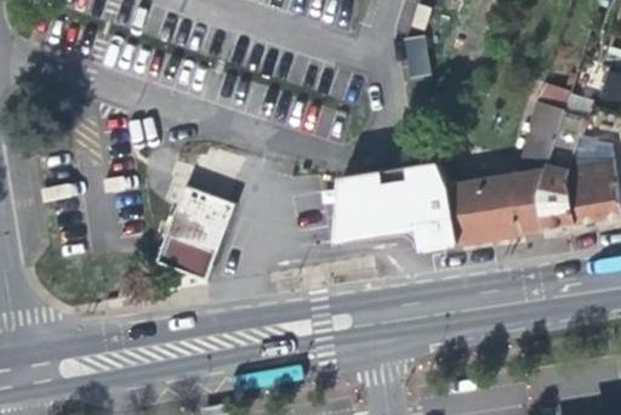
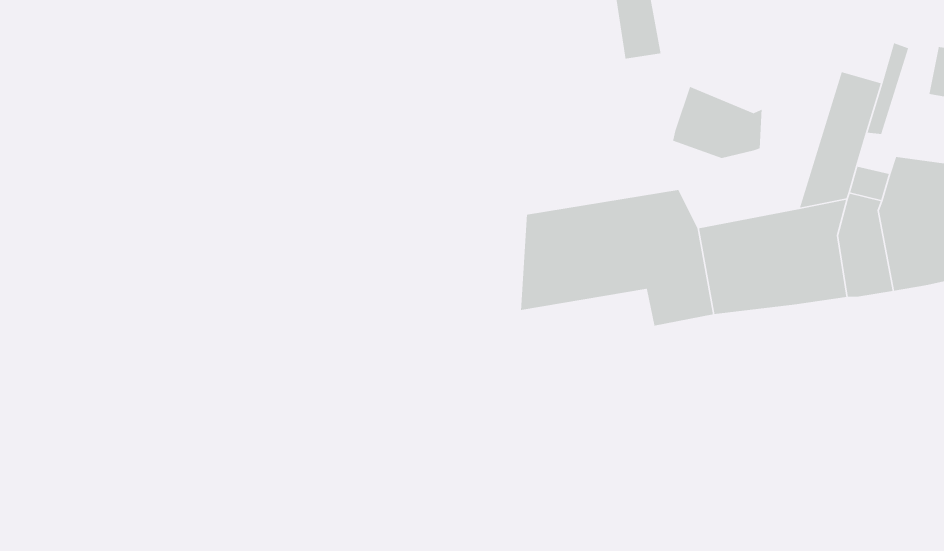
building: none -> [672,86,763,159]
building: [159,187,234,279] -> none

